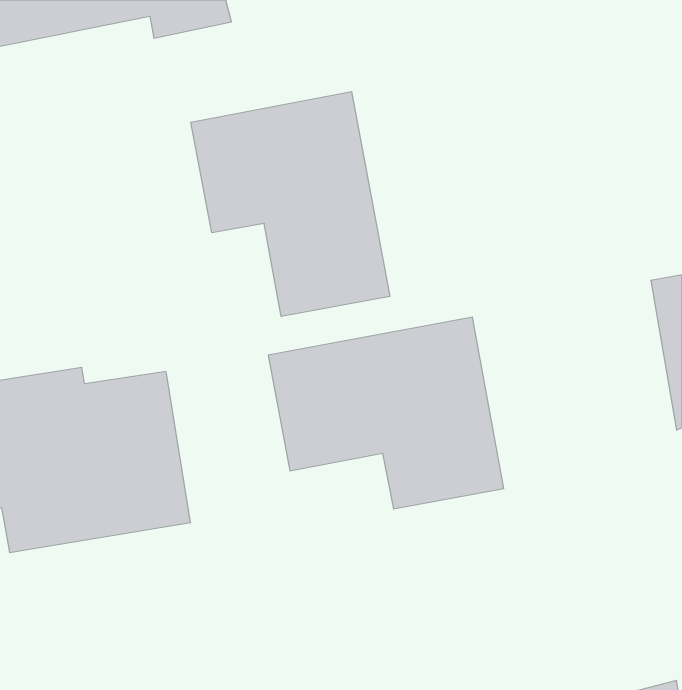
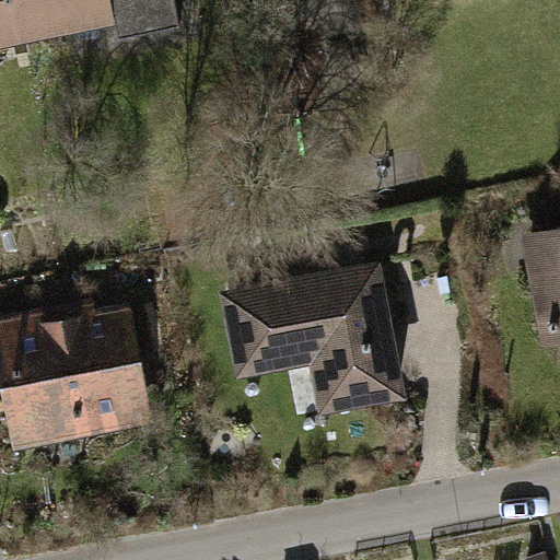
building: [191,92,390,317] -> none

